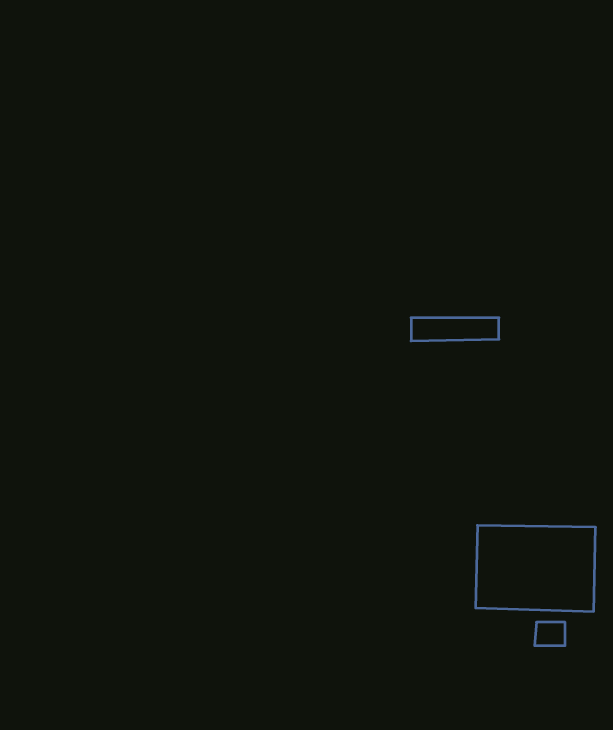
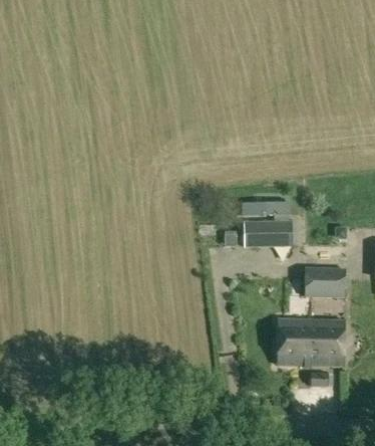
building: none -> [243,221,292,246]
building: none -> [304,266,347,298]

